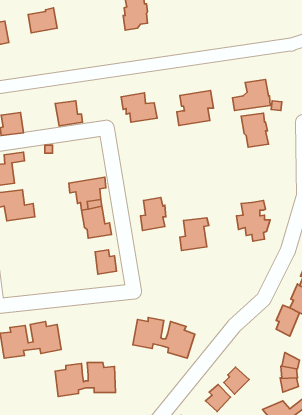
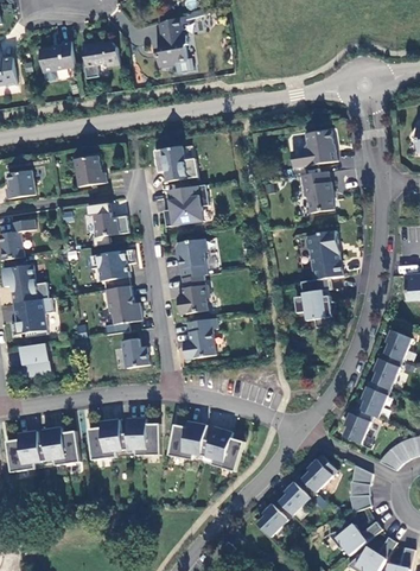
building: none -> [83,42,121,70]
building: [177,91,214,126] -> [164,184,209,227]
building: none -> [93,203,129,236]
building: none -> [306,230,343,280]
building: none -> [176,239,208,278]
building: none -> [11,297,53,337]
building: [180,218,209,251] -> [183,318,218,359]
building: none -> [20,343,51,376]
building: none -> [303,455,338,491]
building: [55,363,115,396] -> [88,418,161,459]

